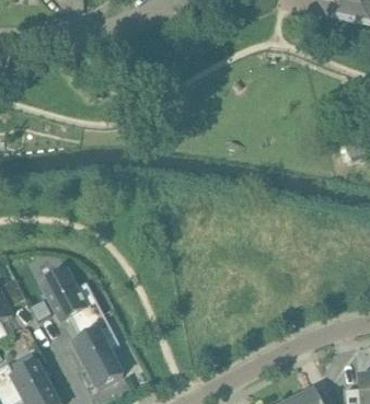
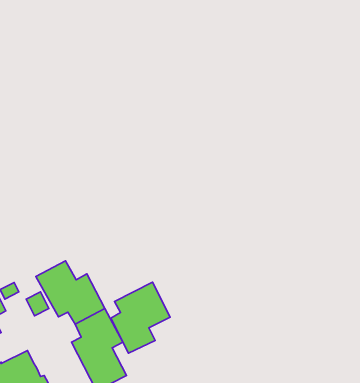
building: none -> [111,282,170,353]

